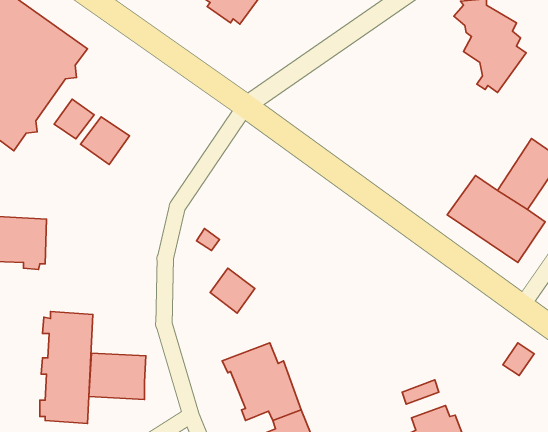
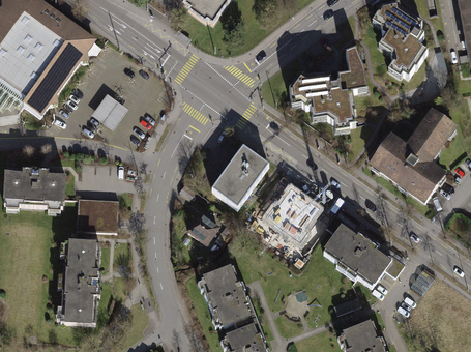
building: none -> [284,48,362,134]
building: [54,99,94,139] -> none
building: none -> [208,140,265,202]
building: none -> [264,186,318,239]
building: none -> [324,210,406,286]
building: [89,353,146,399] -> [76,195,119,230]

